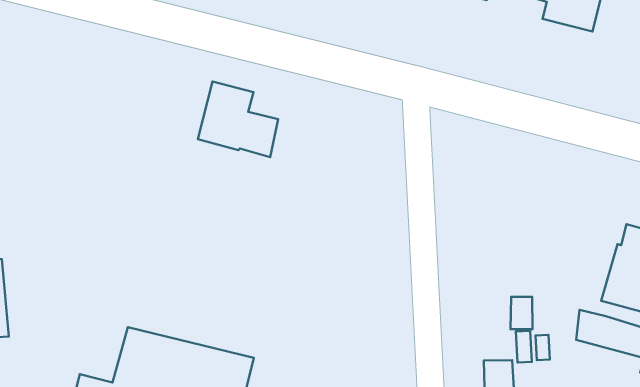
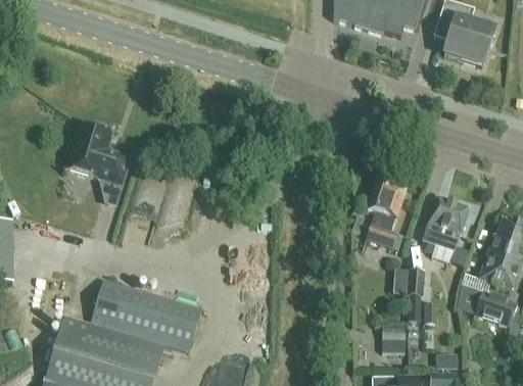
building: [198,81,278,157] -> [66,124,131,186]
building: none -> [367,178,406,247]
building: none -> [423,198,469,251]

